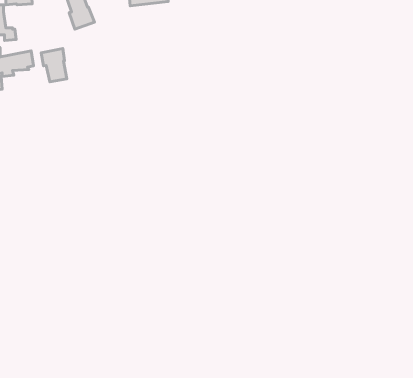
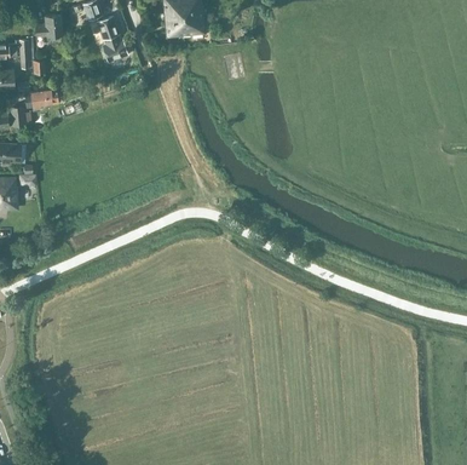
building: [41,49,67,82] -> none

